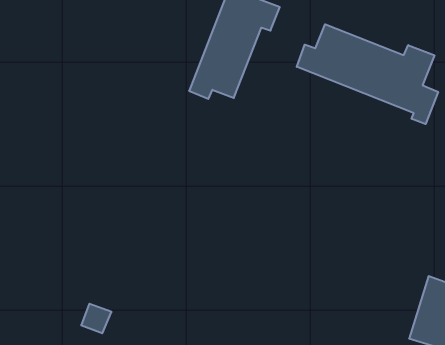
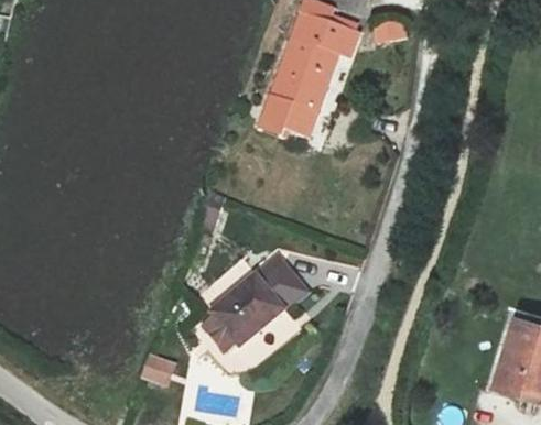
building: [297,24,438,124] -> none
building: none -> [209,253,309,344]

